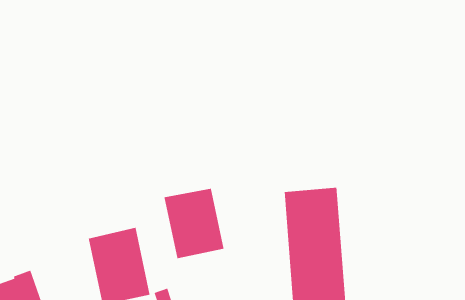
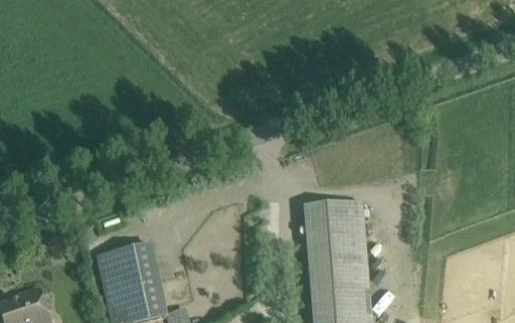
building: [164,188,224,259] -> none

